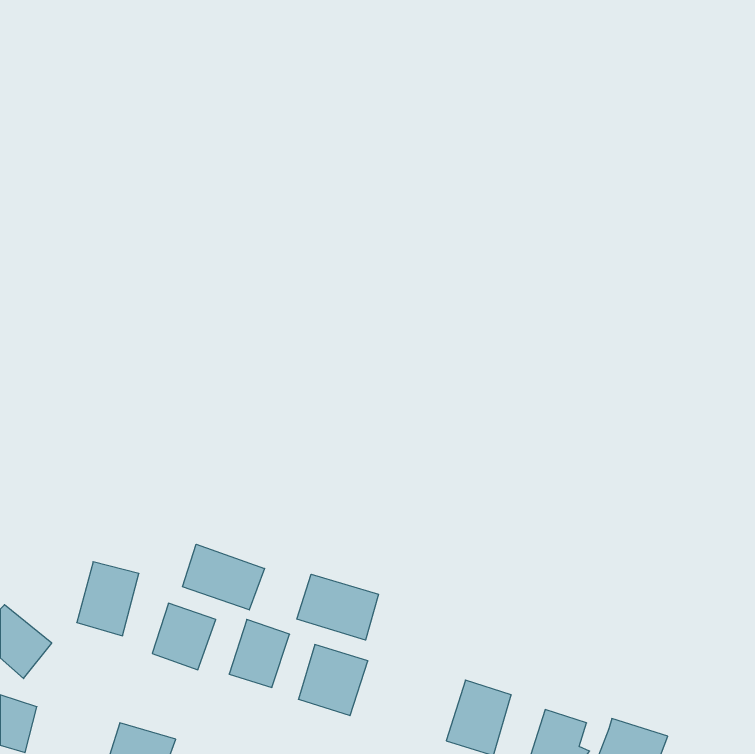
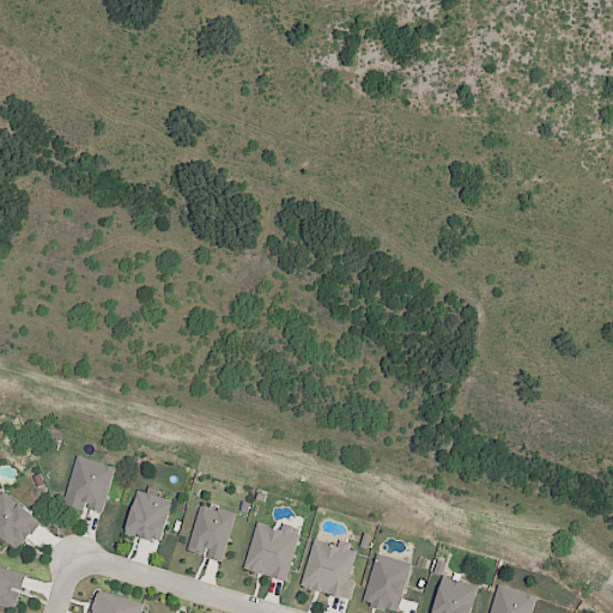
building: [182,544,265,610] -> none
building: [297,574,378,640] -> none
building: none -> [302,540,357,596]

